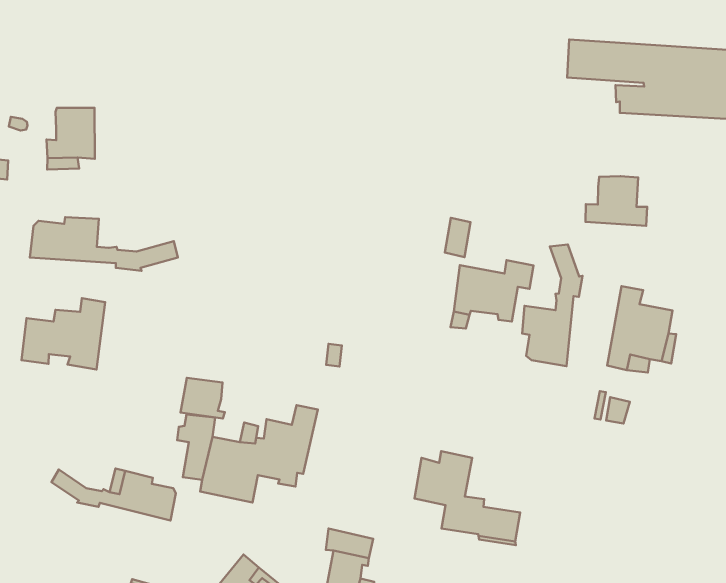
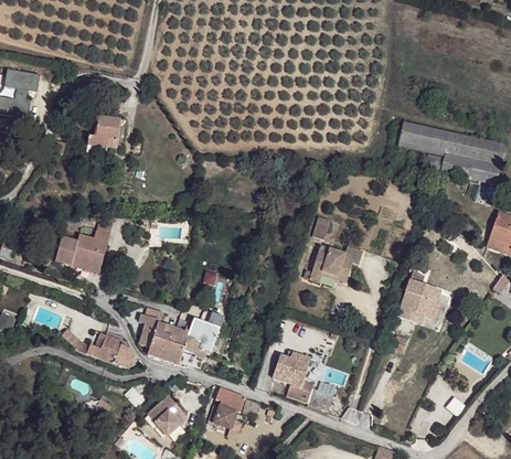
building: [586,176,647,226] -> none
building: [30,217,178,271] -> none
building: [522,245,582,366] -> none
building: [180,378,225,419] -> none

